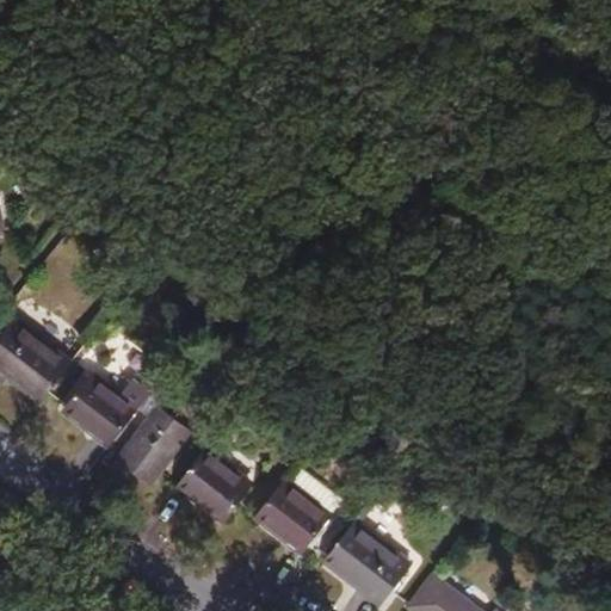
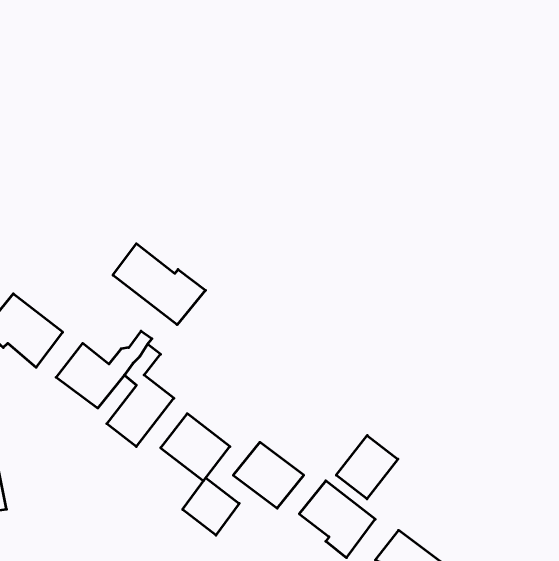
building: none -> [113,244,206,325]
building: none -> [336,435,398,499]
building: none -> [183,478,239,535]

